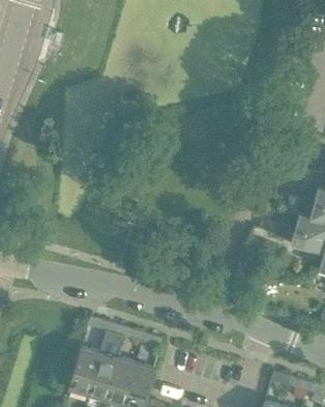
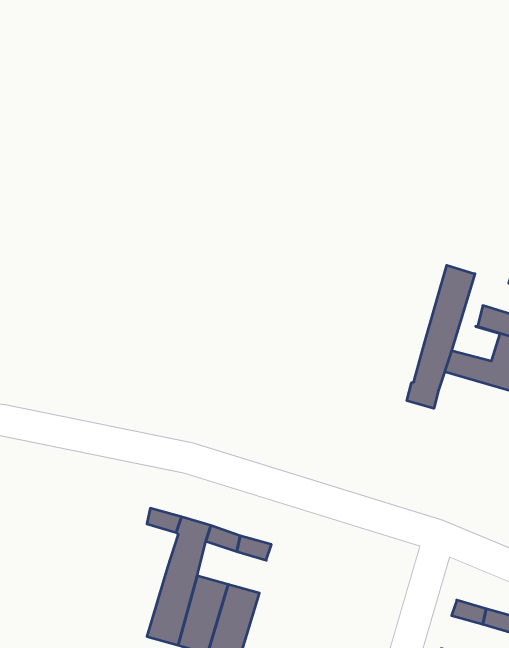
building: none -> [407,265,475,408]
building: [69,348,100,396] -> none

